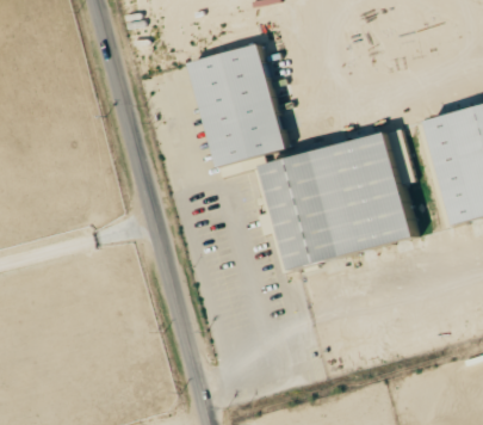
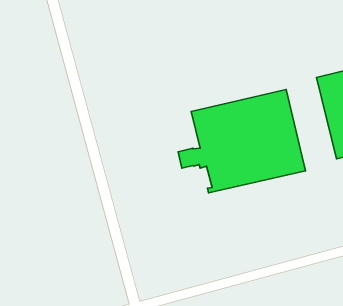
building: [185,43,280,177] -> none

